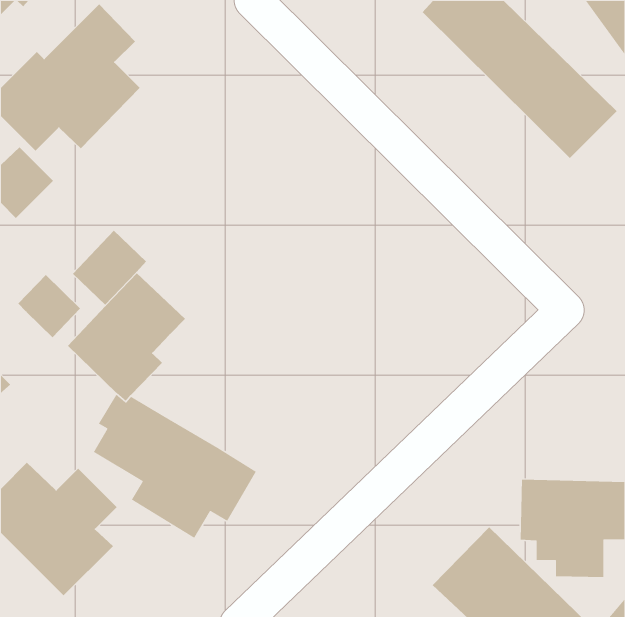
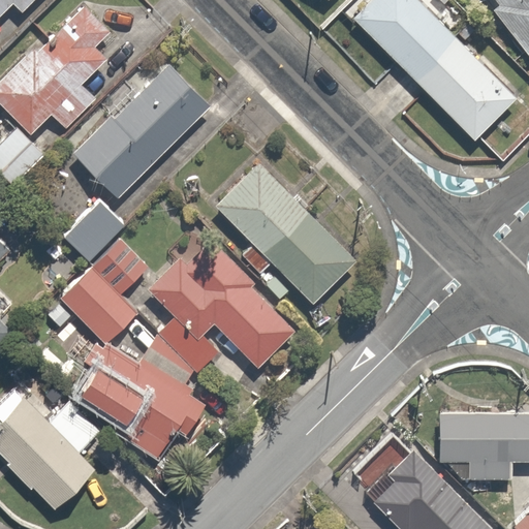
building: none -> [71,64,208,200]
building: none -> [211,159,355,303]
building: [18,274,81,338] -> none
building: none -> [138,241,290,384]

